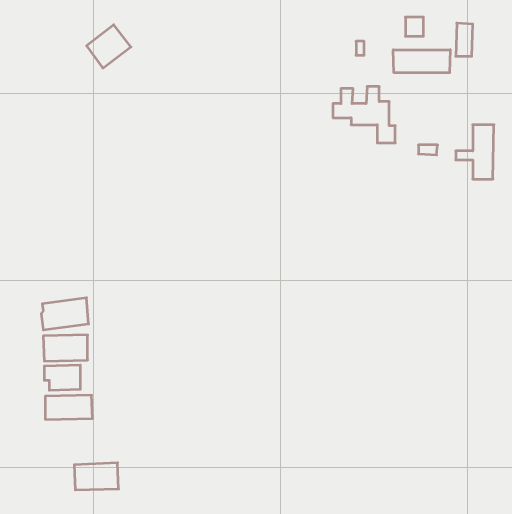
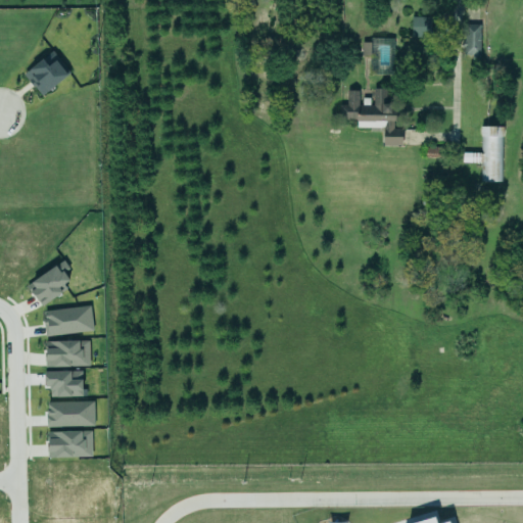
building: [87,25,131,68] -> [26,52,70,96]
building: [393,50,450,73] -> none
building: none -> [28,262,73,306]
building: [74,463,119,490] -> [49,430,94,458]

